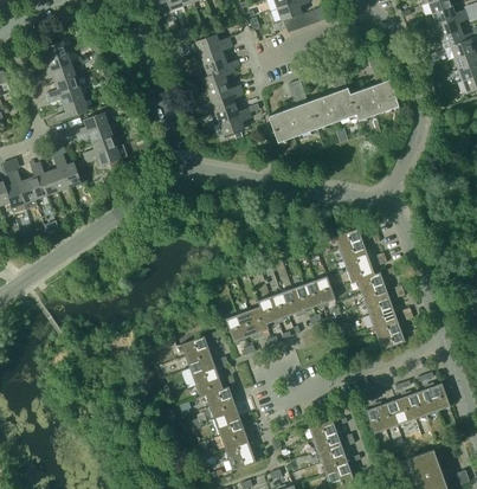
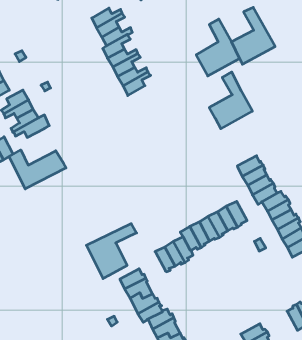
building: [267,79,316,142] -> [209,72,252,129]
building: none -> [9,150,66,189]
building: none -> [86,224,137,279]

